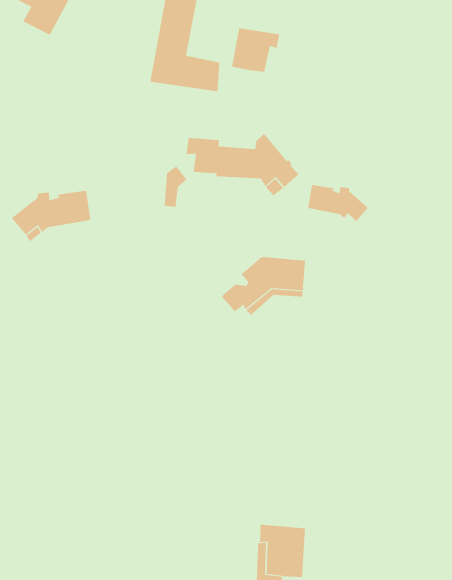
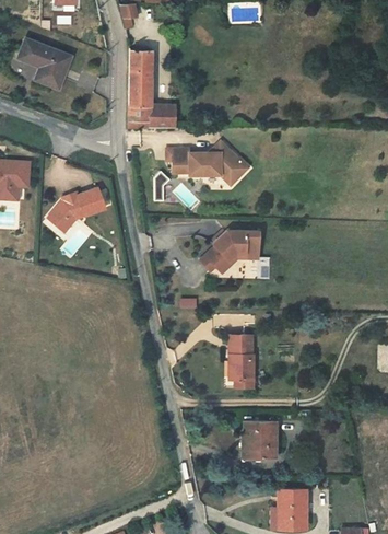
building: [232,28,280,73] -> none
building: [308,184,368,222] -> none
building: none -> [227,333,256,387]

